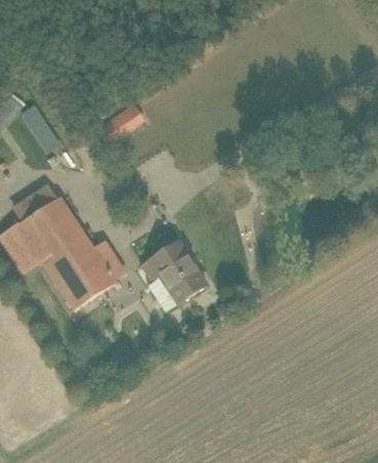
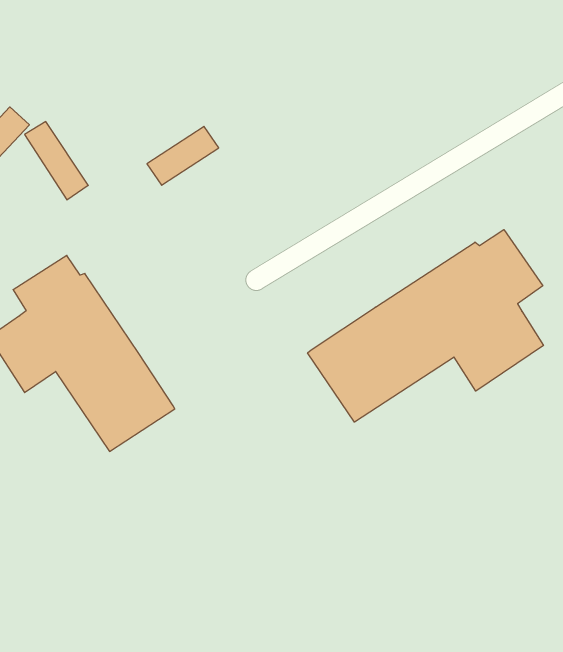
building: none -> [308,230,543,422]
building: [143,240,207,309] -> none

